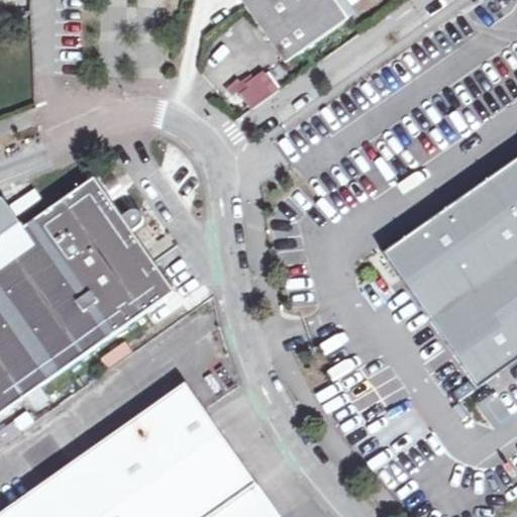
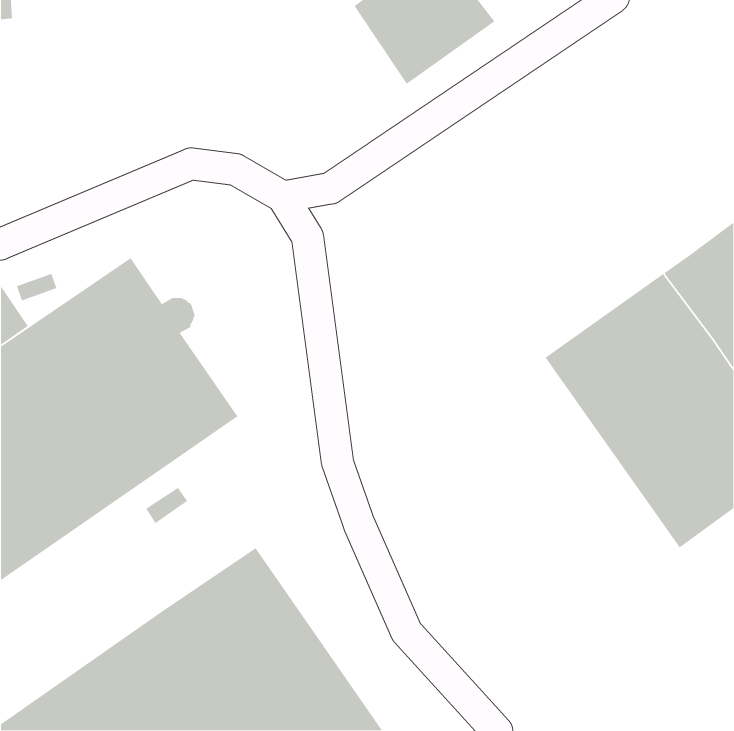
building: [233,67,281,112] -> none

